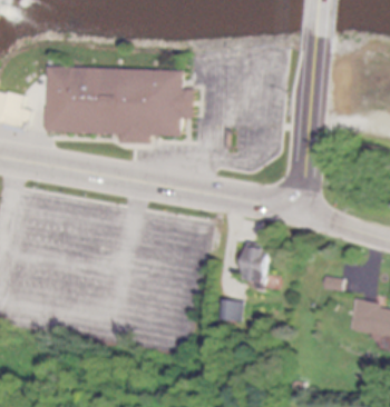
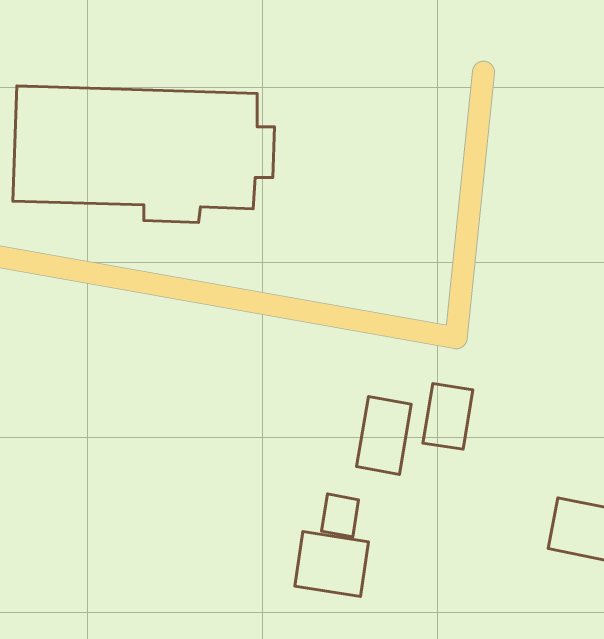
building: none -> [423,384,473,449]
building: none -> [295,532,368,596]

